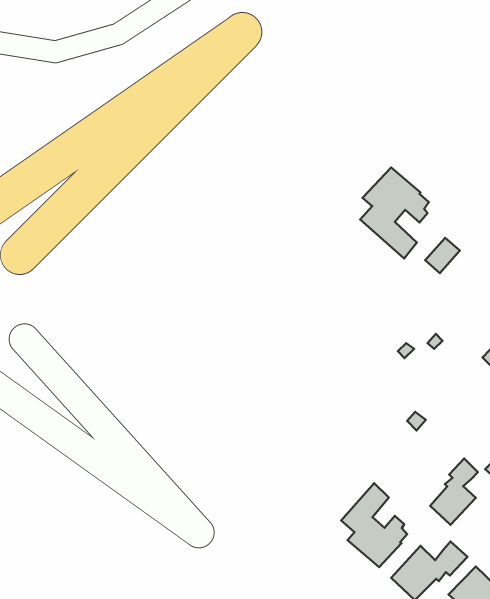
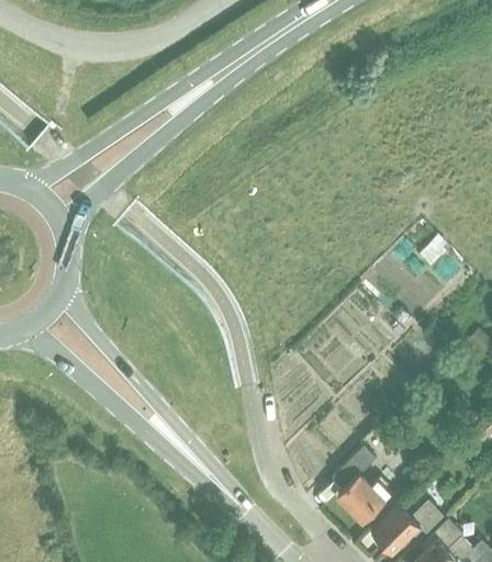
building: [360,168,429,259] -> none
building: [430,459,478,525] -> none

